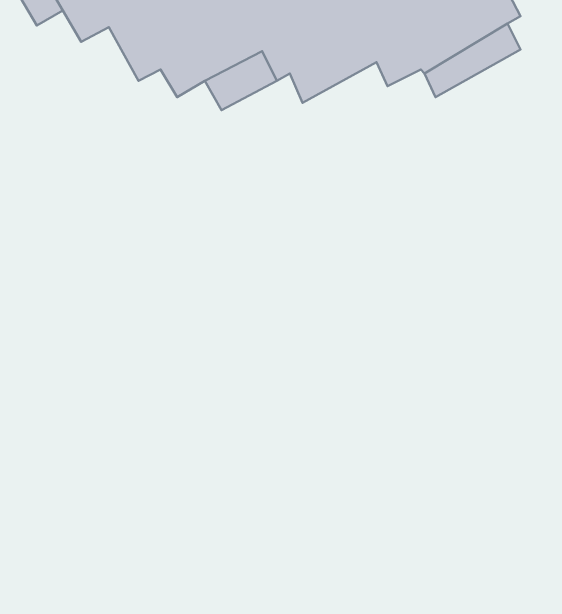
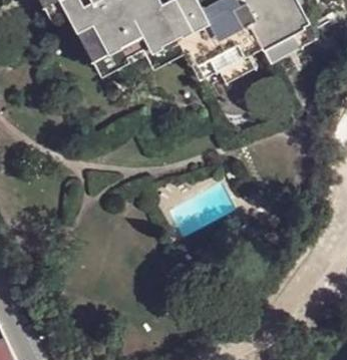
building: none -> [79,21,131,74]

